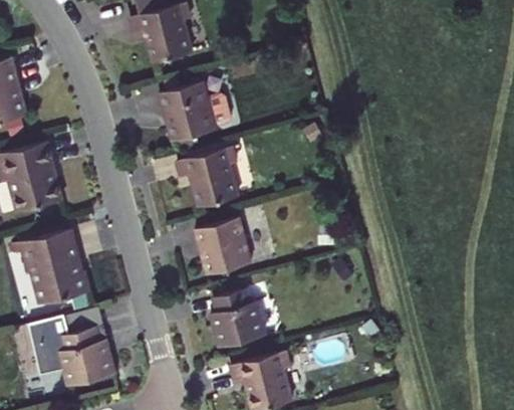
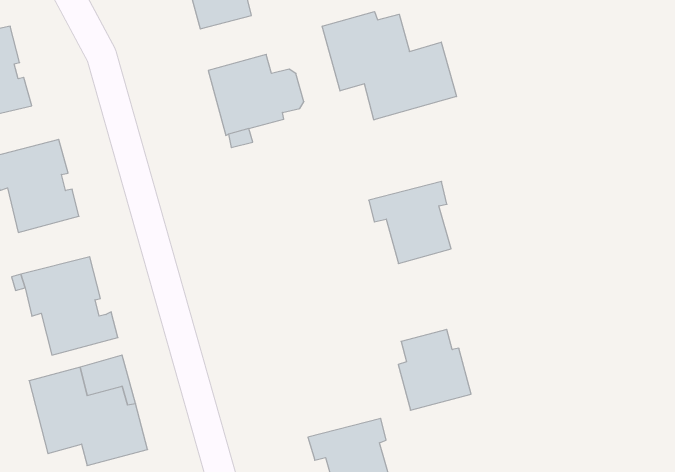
building: none -> [322,12,456,120]
building: [178,148,239,209] -> [369,181,451,264]
building: [196,220,251,276] -> none
building: [211,289,265,350] -> [398,329,471,410]

